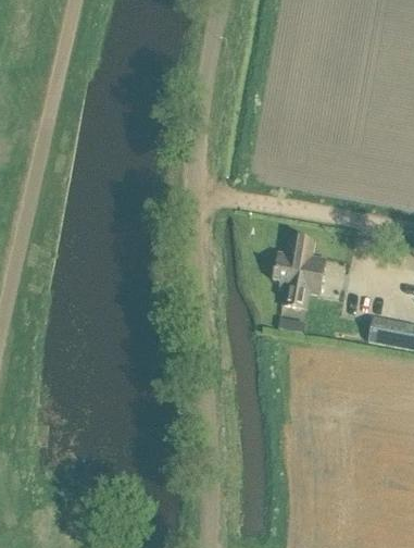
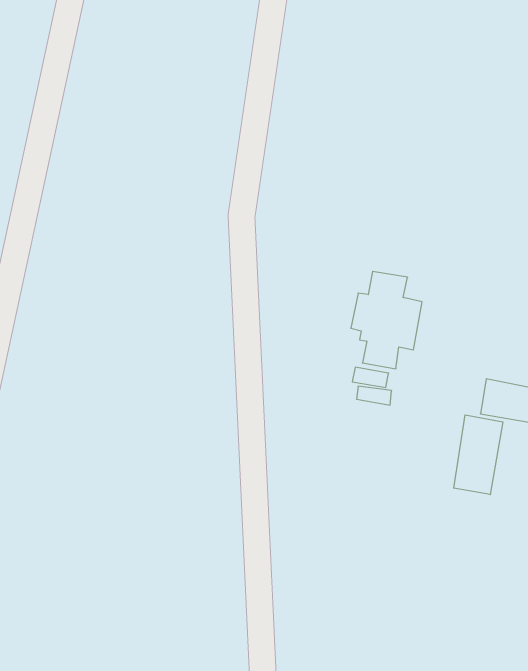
building: none -> [454,415,503,495]

